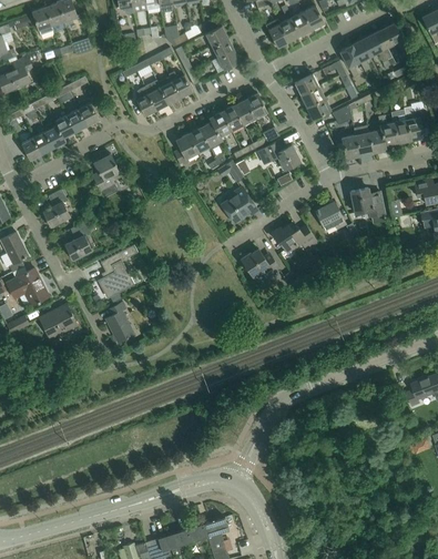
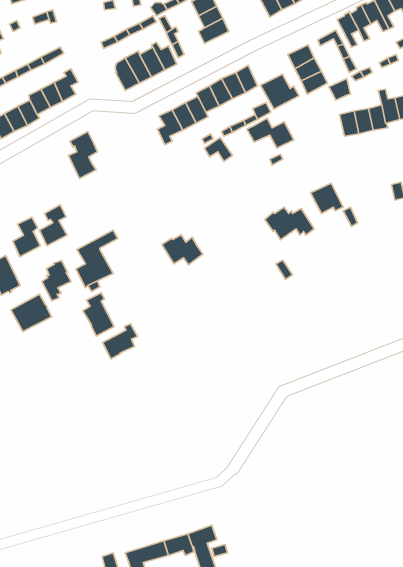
building: none -> [261,74,299,109]
building: [223,187,256,223] -> none
building: [350,189,384,217] -> none
building: [43,190,69,226] -> [13,217,40,257]
building: [241,250,278,277] -> [162,235,203,265]
building: none -> [42,260,71,301]
building: none -> [102,324,137,359]

